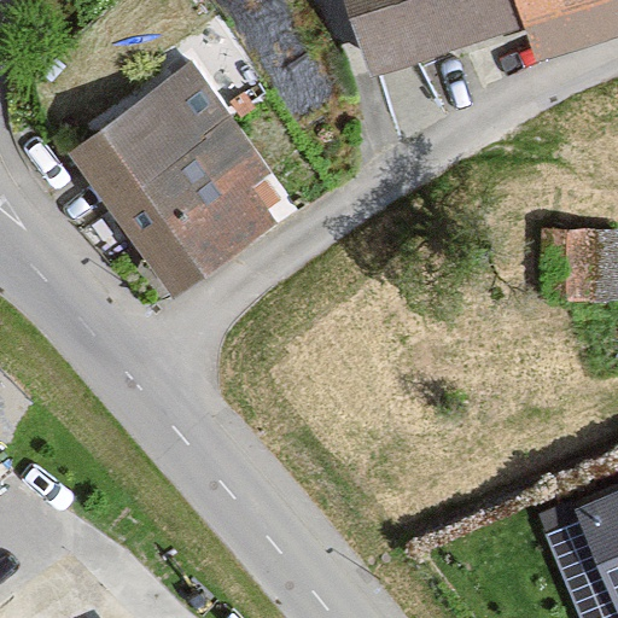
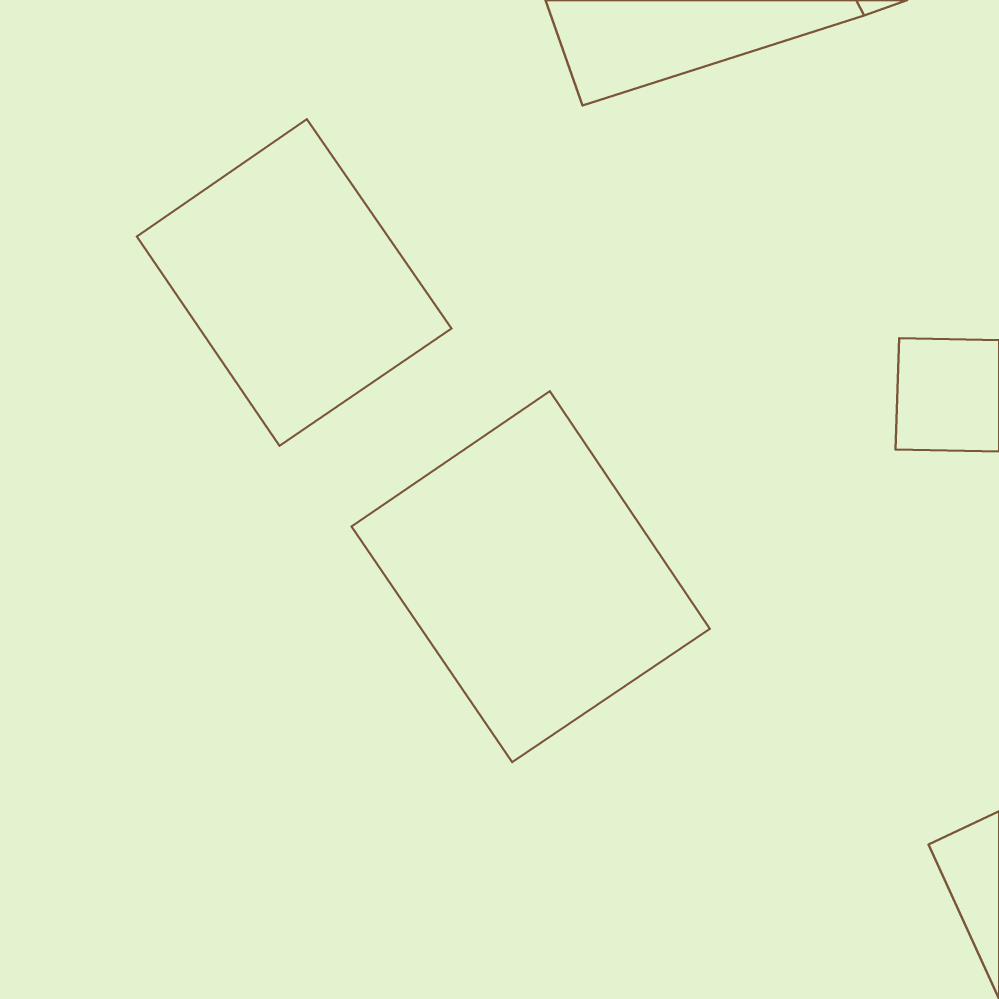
building: none -> [351,391,710,762]

